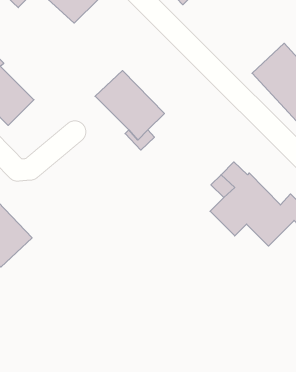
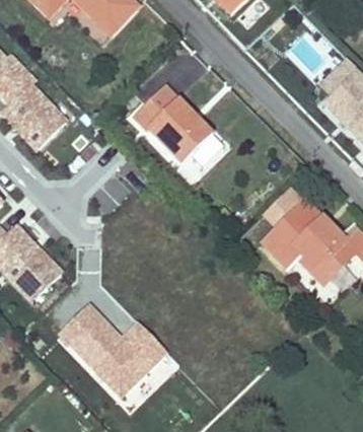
building: none -> [56,304,170,402]

